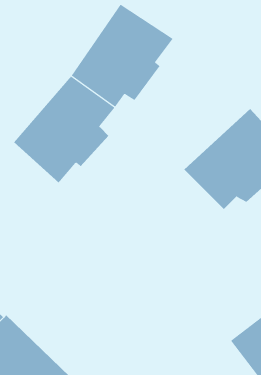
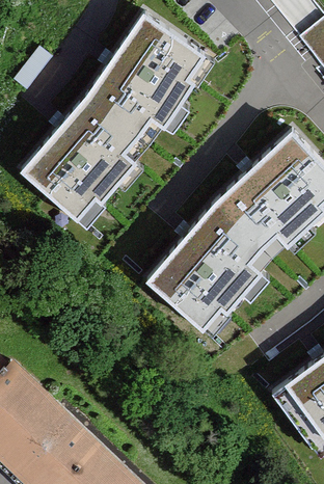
building: none -> [147,203,262,329]

